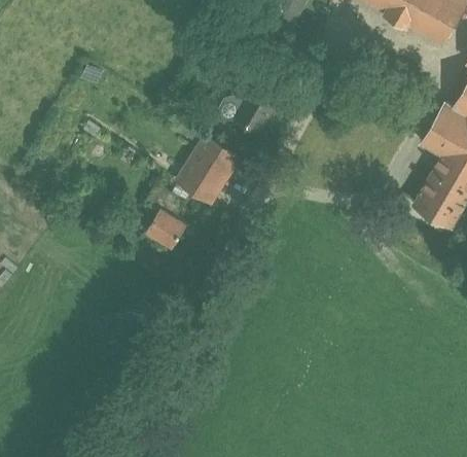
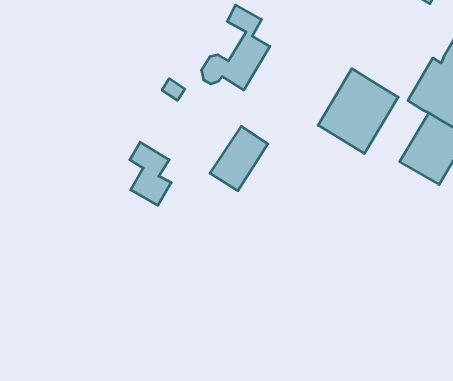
building: none -> [318,69,398,154]
building: [178,138,236,202] -> [210,126,268,191]

